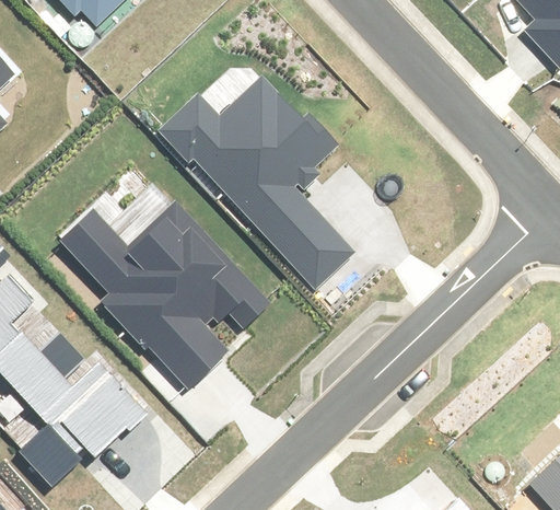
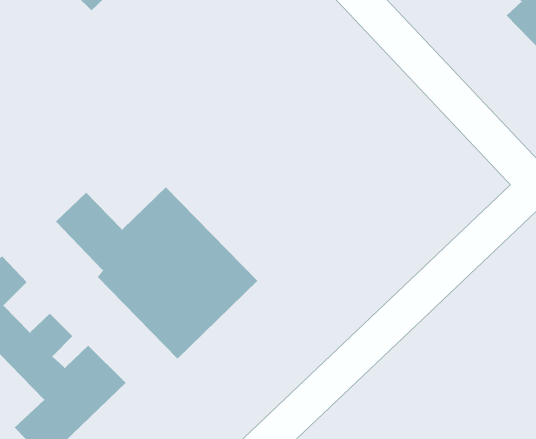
building: [160,78,353,288] -> none

